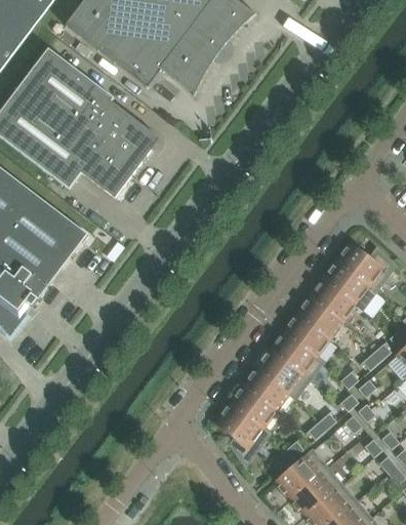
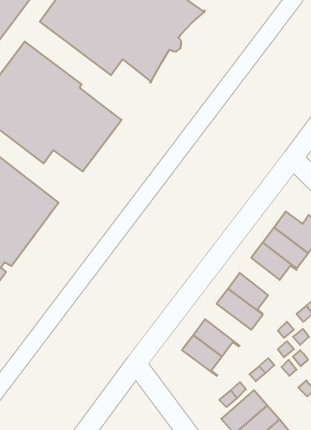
building: [296,297,342,340] -> none
building: [256,351,310,399] -> none
building: [215,404,270,467] -> none

